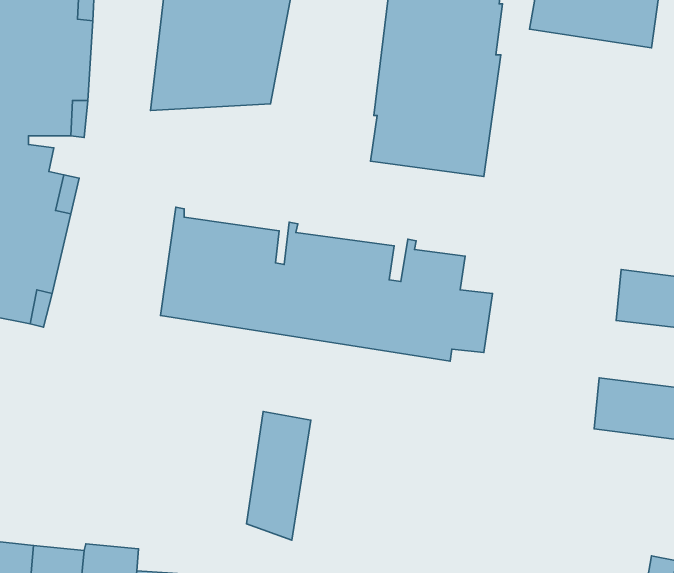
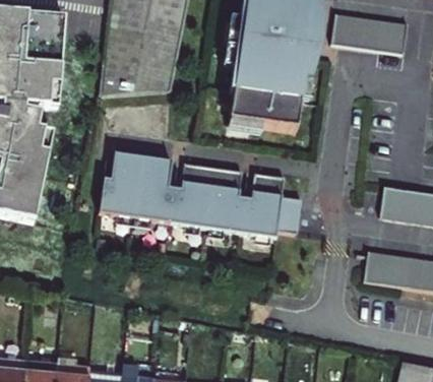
building: [246,412,311,540] -> none

